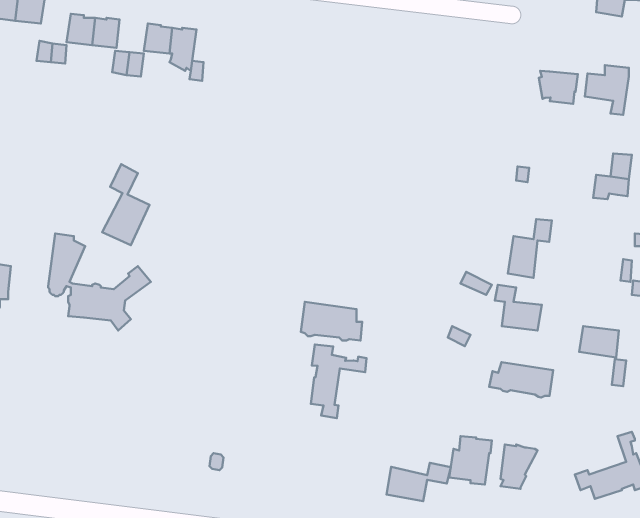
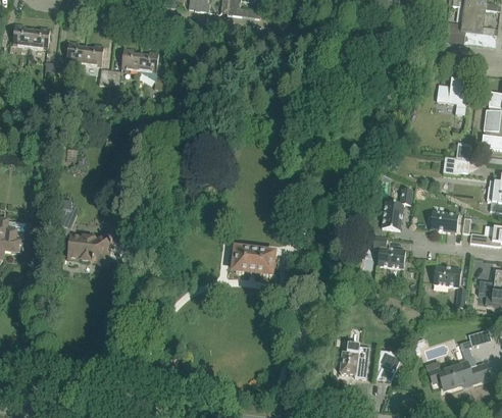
building: [539,71,578,104] -> none
building: [102,164,149,245] -> none
building: none -> [431,210,458,231]
building: [311,344,367,418] -> none
building: [489,362,553,398] -> none
building: [387,463,451,501] -> none

